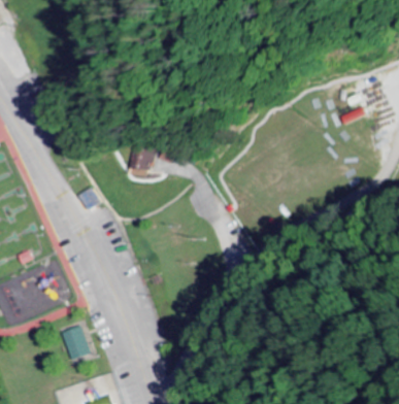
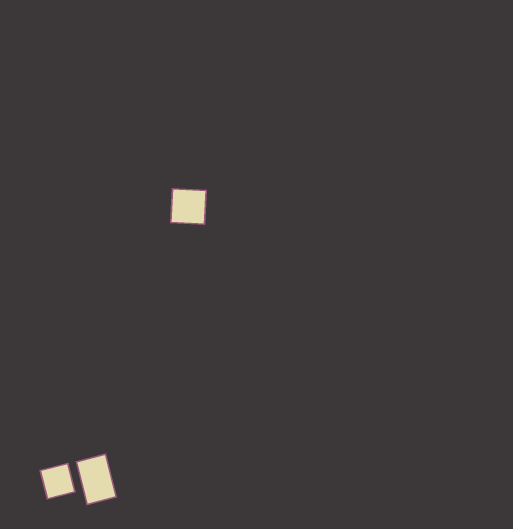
building: none -> [40,463,75,499]

